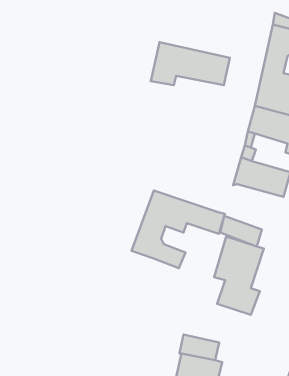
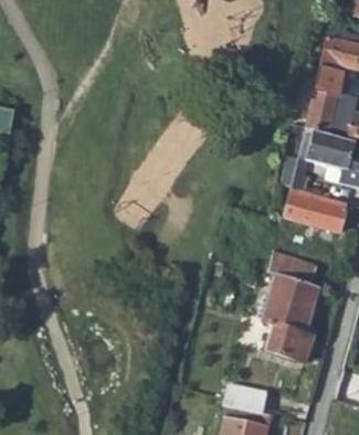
building: [151,42,230,85] -> none
building: [132,191,225,268] -> none

